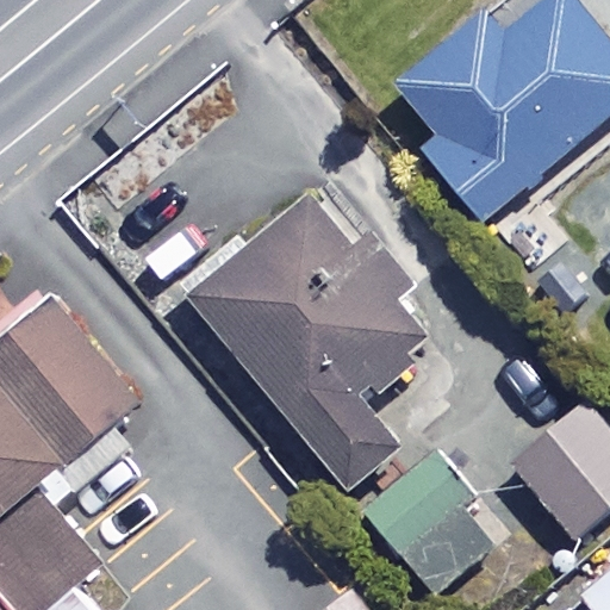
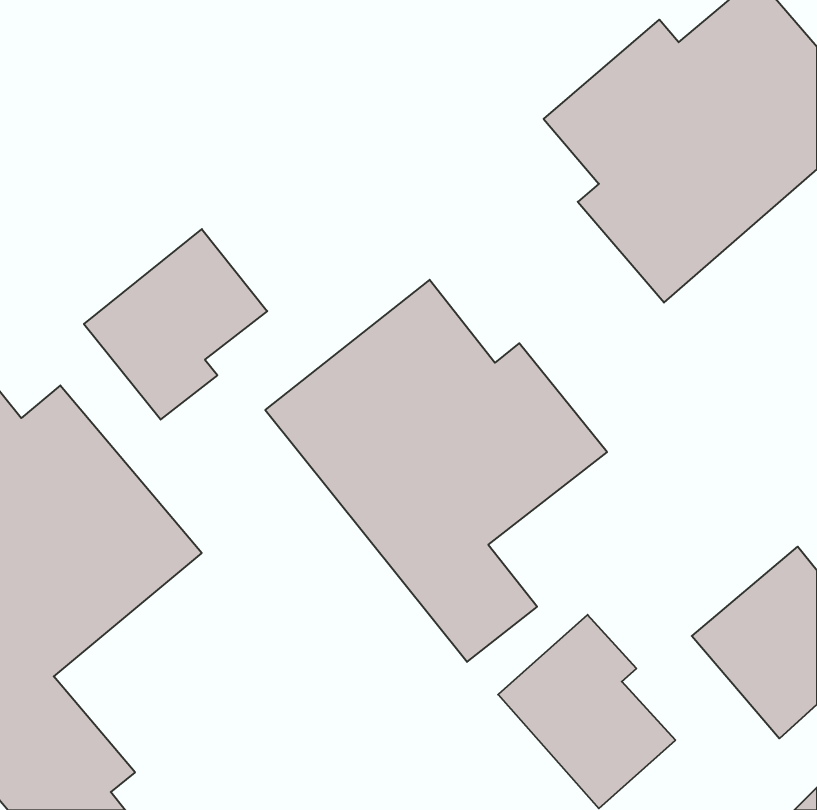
building: none -> [84,229,267,420]

